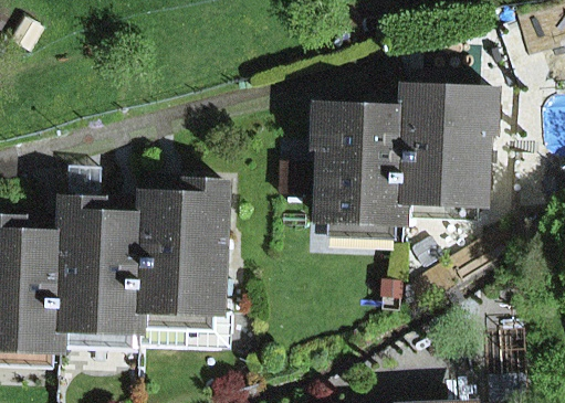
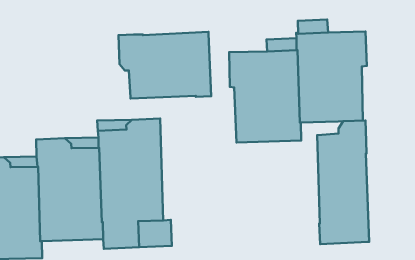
building: none -> [119,32,211,98]
building: none -> [317,121,369,244]

